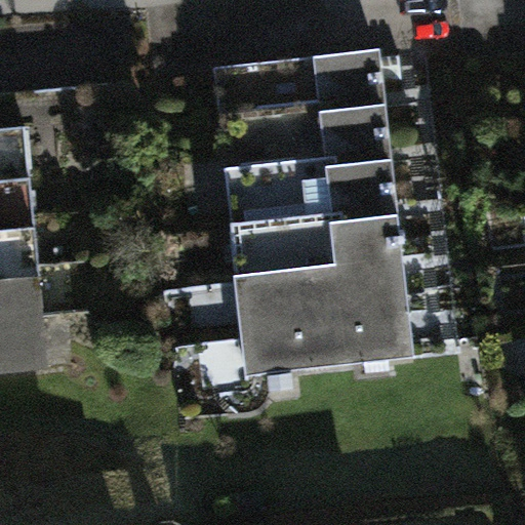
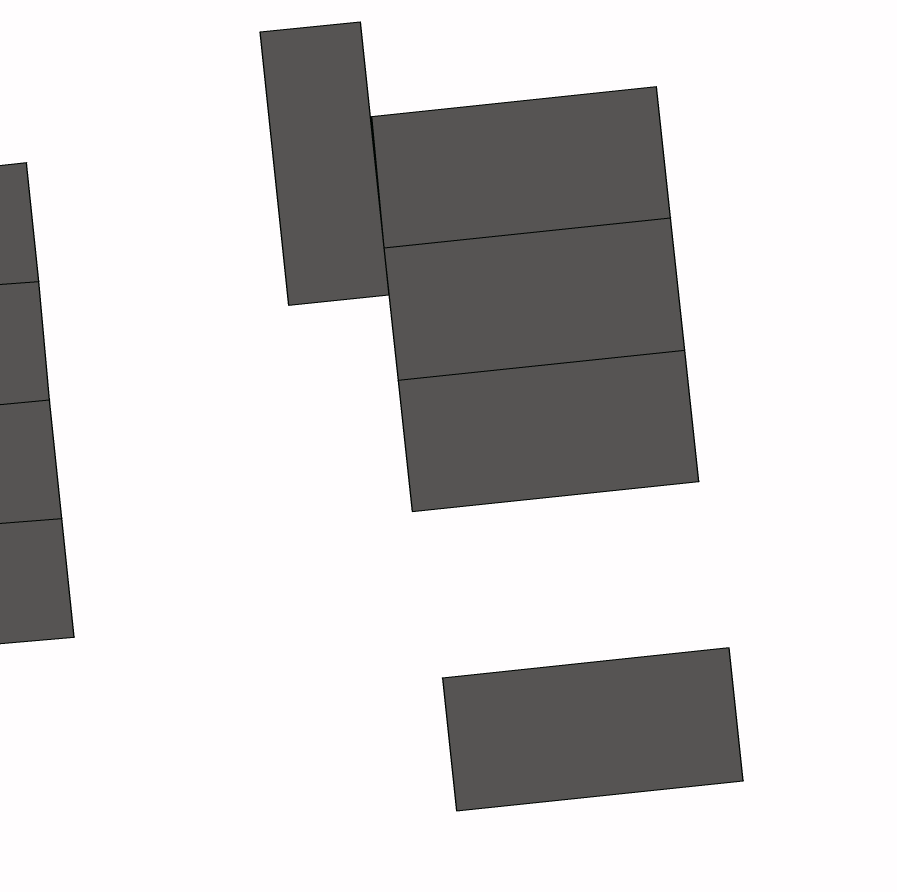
building: none -> [260,22,389,305]
building: [239,279,413,373] -> [442,648,743,811]

